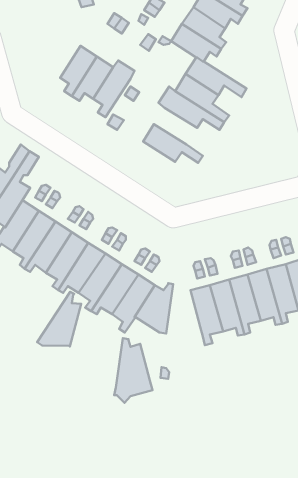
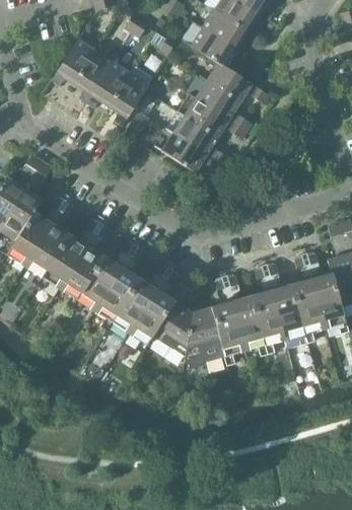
building: none -> [52,38,96,84]
building: none -> [173,114,230,164]
building: [37,292,81,346] -> none
building: [114,338,153,403] -> [185,299,225,367]

